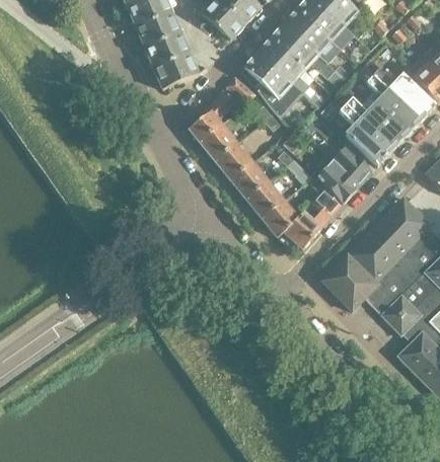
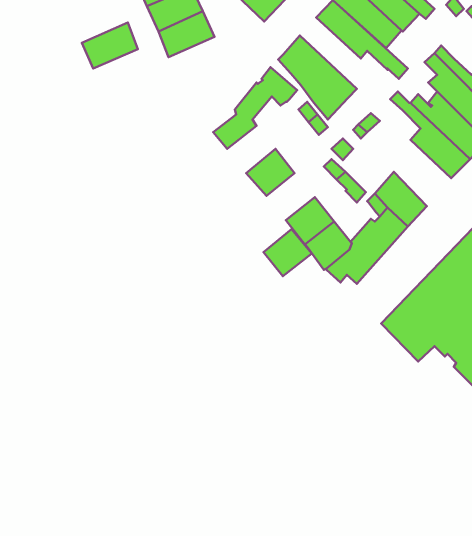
building: [258,36,324,106] -> none
building: [153,52,198,88] -> [82,23,138,68]
building: [200,123,238,160] -> none
building: [324,144,372,186] -> none
building: [231,160,270,198] -> [264,229,312,276]

